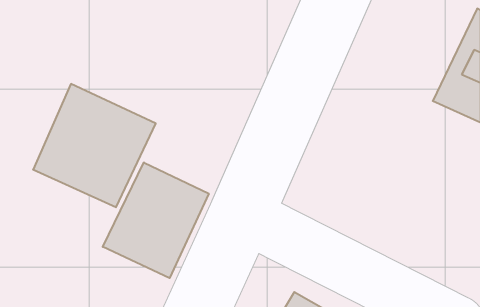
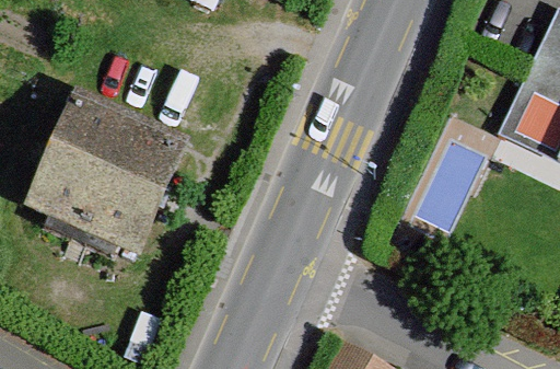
building: [103,162,209,278] -> none

